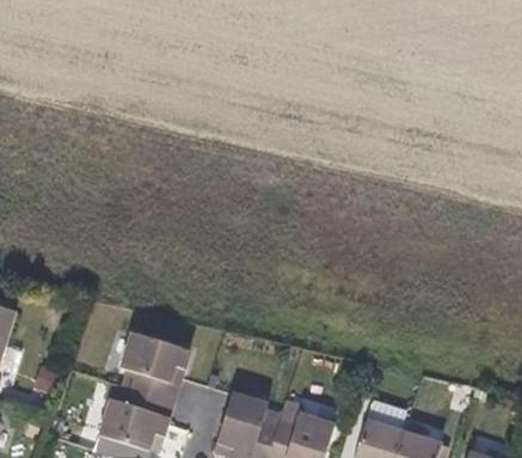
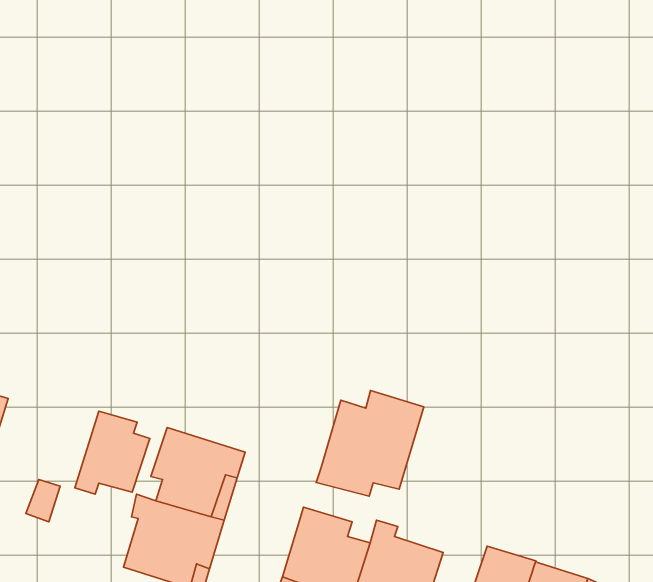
building: none -> [316,391,424,496]
building: none -> [75,411,150,494]

